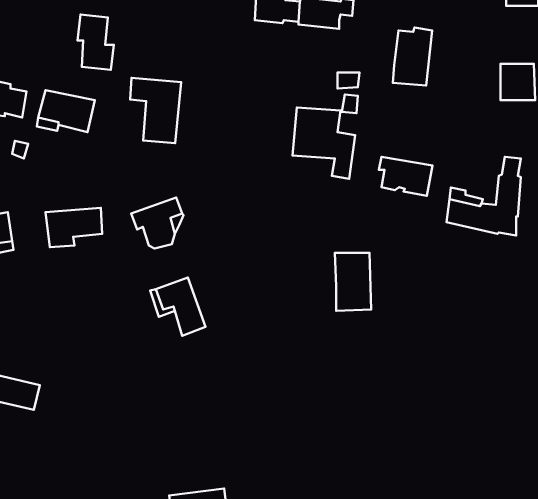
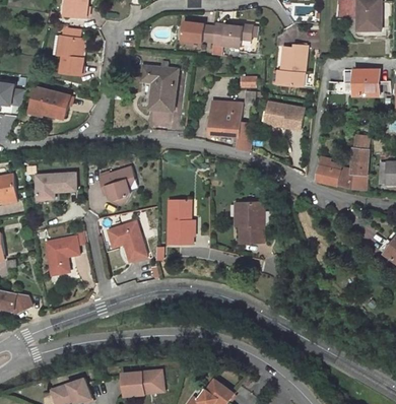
building: [130,78,181,143] -> [140,66,176,112]
building: [379,157,432,196] -> [267,103,305,130]
building: none -> [168,200,193,245]
building: none -> [45,229,86,274]

